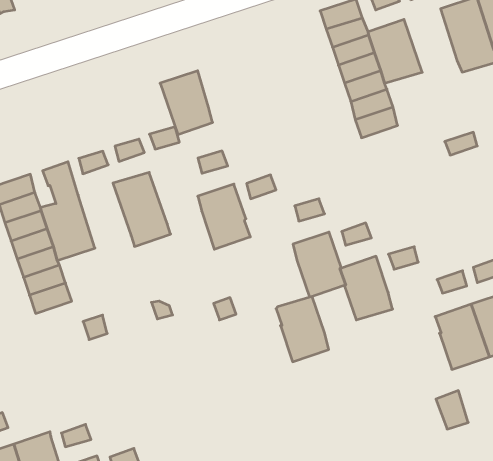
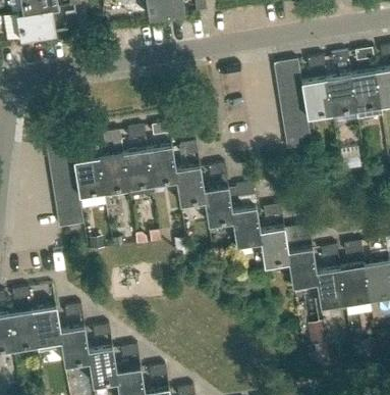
building: none -> [327,77,356,115]
building: [160,71,213,134] -> [148,147,177,186]
building: none -> [100,154,129,194]
building: none -> [288,249,318,289]
building: [276,296,329,362] -> [204,188,233,228]

